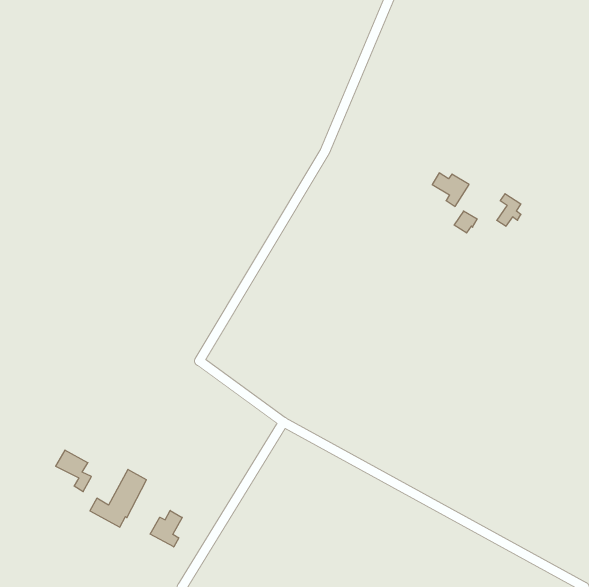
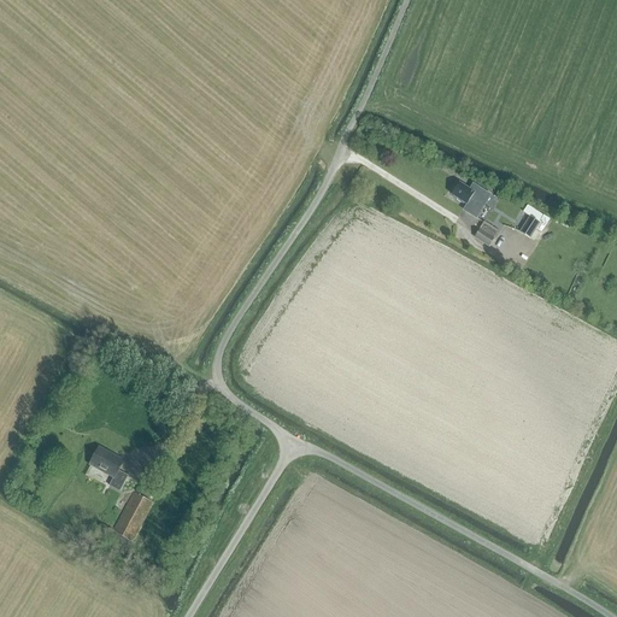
building: [56,450,91,492] -> [89,446,127,489]
building: [150,510,182,547] -> none

